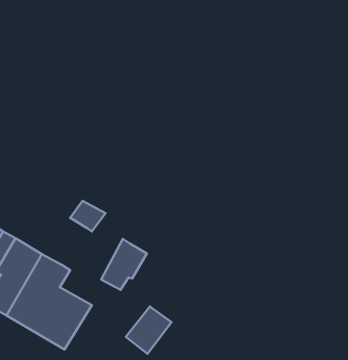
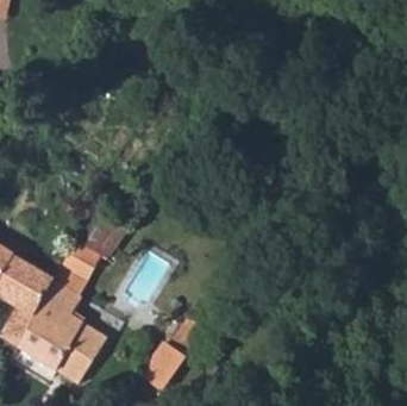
building: [101,239,147,290] -> [55,238,102,292]

